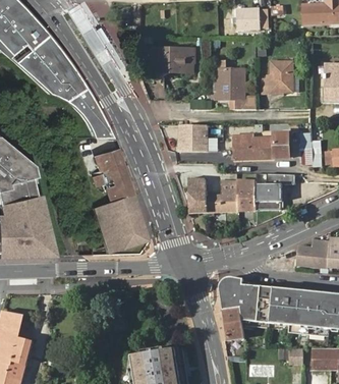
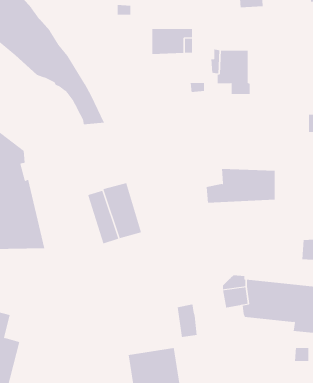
building: [262,62,291,95] -> none
building: [179,123,207,152] -> none
building: [234,133,289,159] -> none
building: [93,149,132,199] -> none
building: [187,178,207,213] -> none
building: [224,308,243,339] -> [177,304,198,337]

